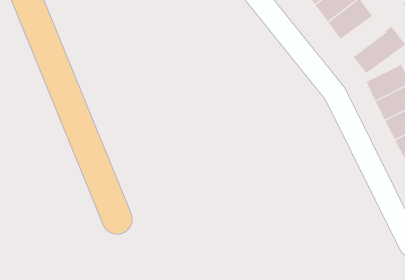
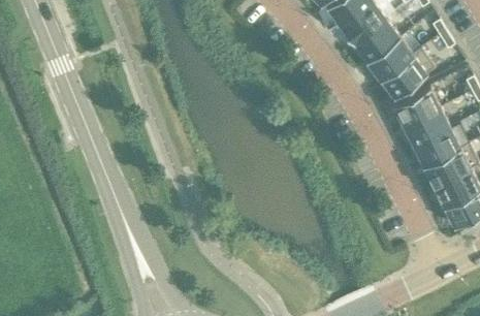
building: none -> [367,38,415,82]

